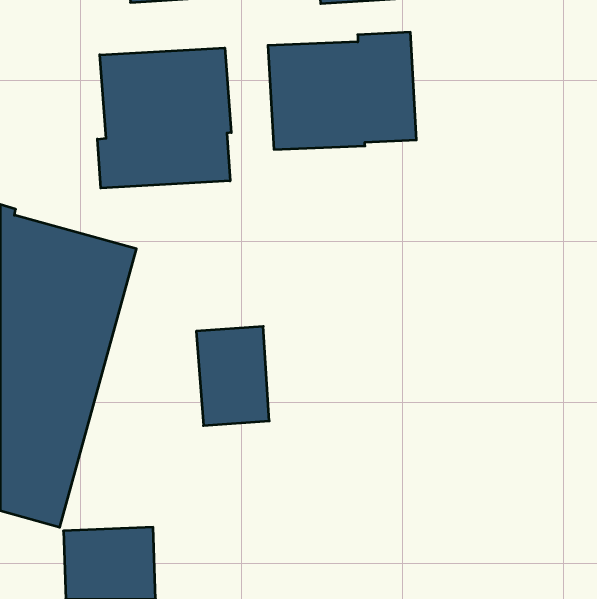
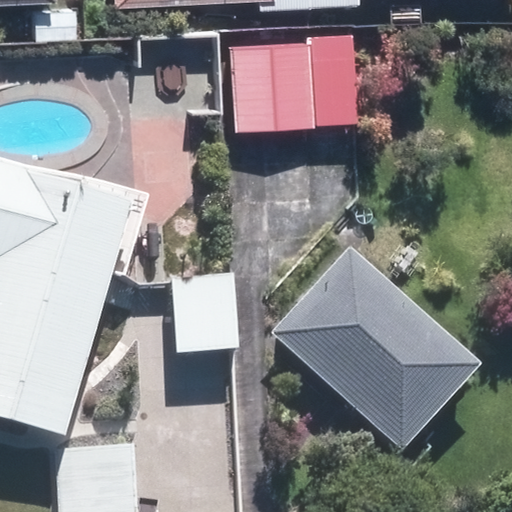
building: [97,48,231,188] -> none
building: none -> [270,250,475,451]

